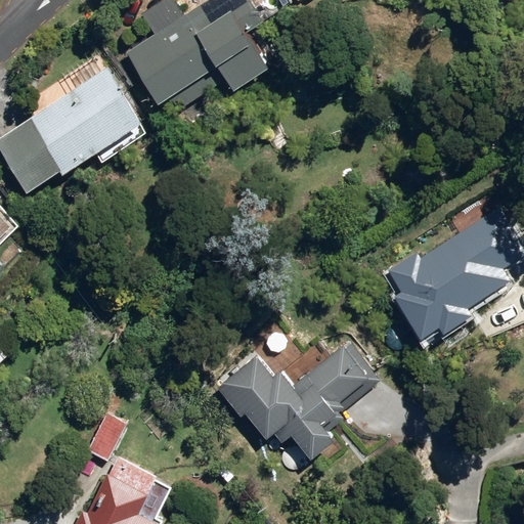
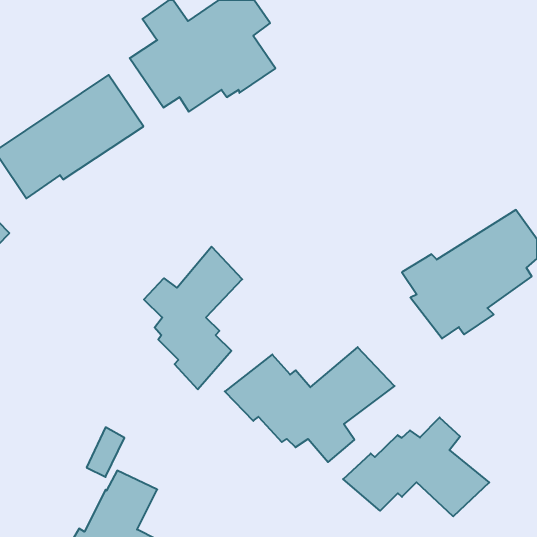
building: none -> [144,247,242,389]
building: none -> [343,417,489,516]

